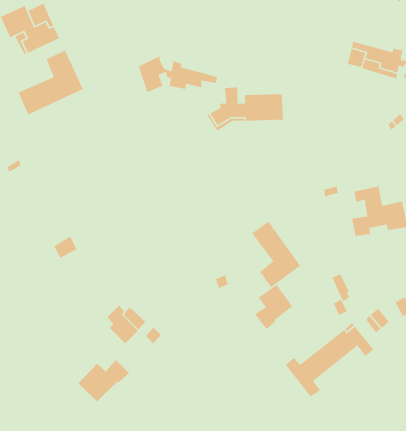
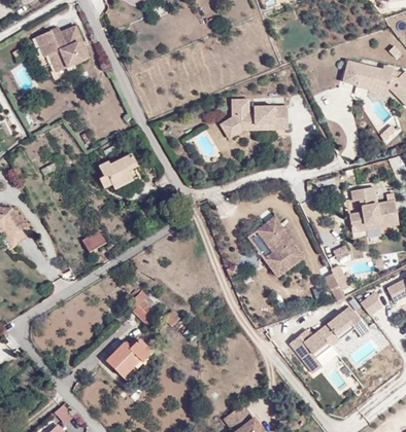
building: [17,49,84,115] -> none
building: [138,55,218,93] -> none
building: none -> [98,153,137,190]
building: [254,284,293,330] -> none

